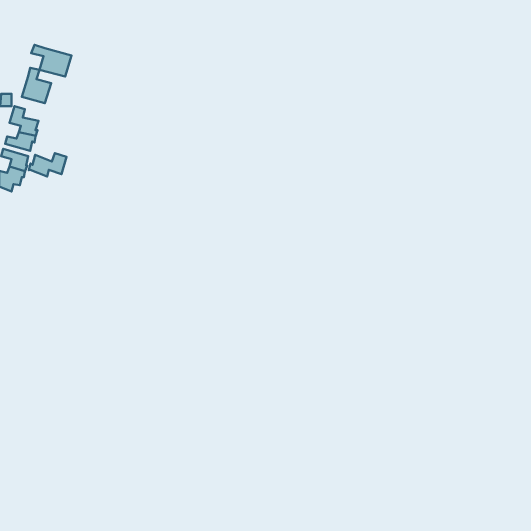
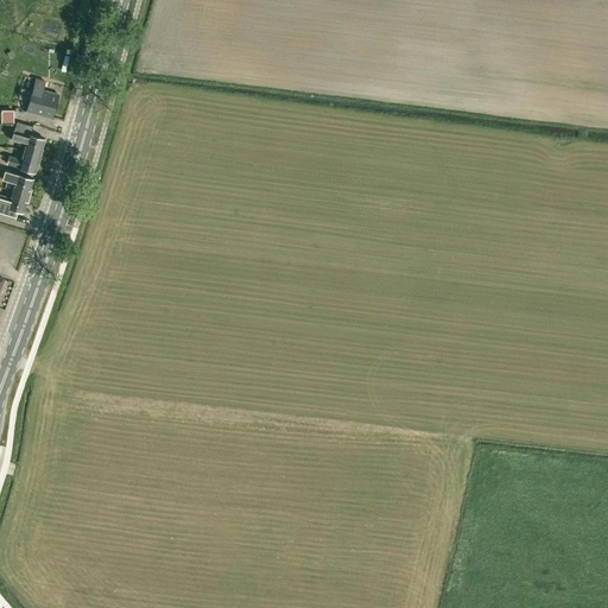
building: [31,45,72,77] -> none
building: [29,153,67,177] -> none

